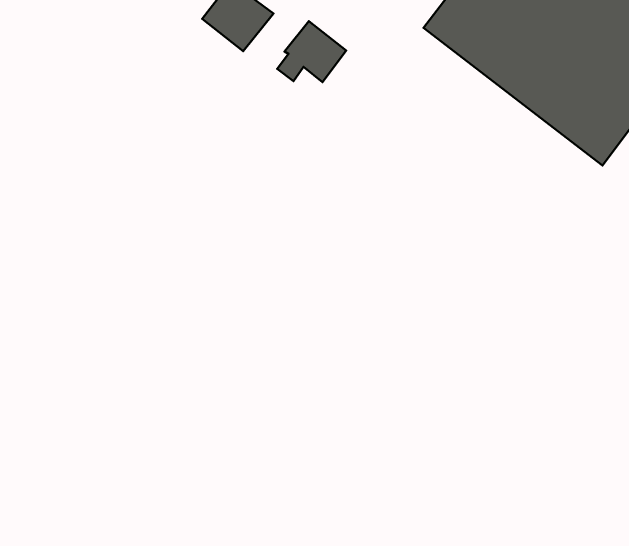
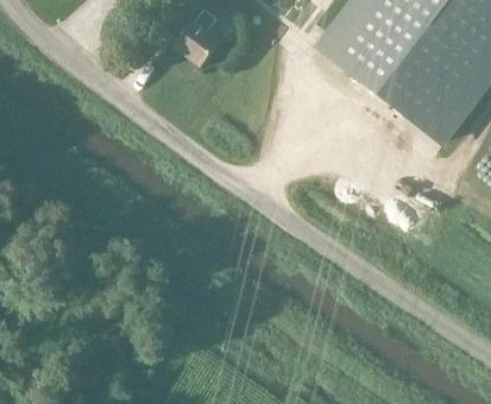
building: [277,21,346,82] -> none

